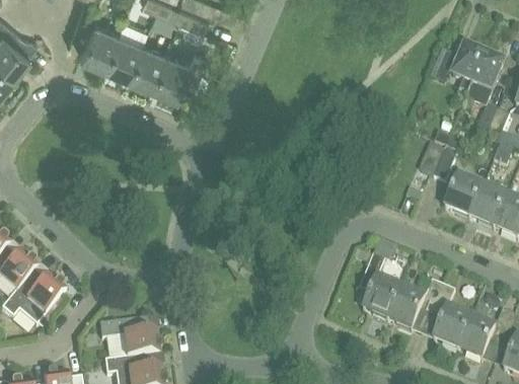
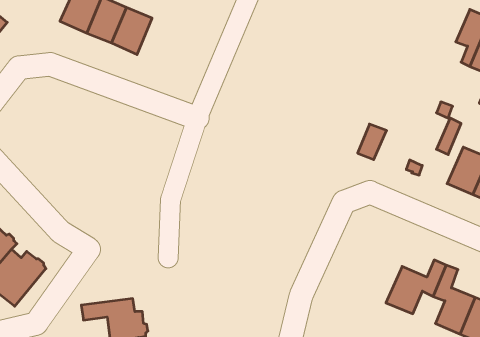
building: [152,51,206,94] -> none
building: [420,141,447,174] -> [358,124,387,160]
building: [360,253,402,319] -> none

